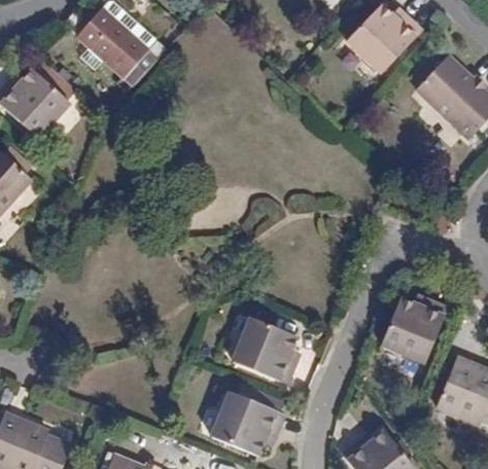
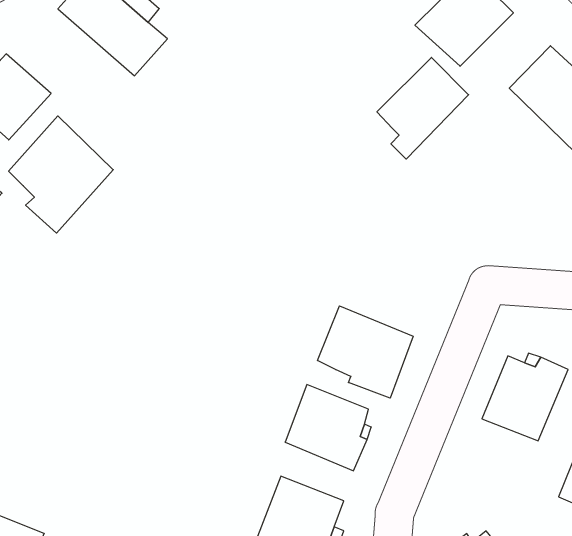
building: none -> [377,57,469,159]
building: none -> [9,116,113,233]
building: none -> [318,306,413,398]

